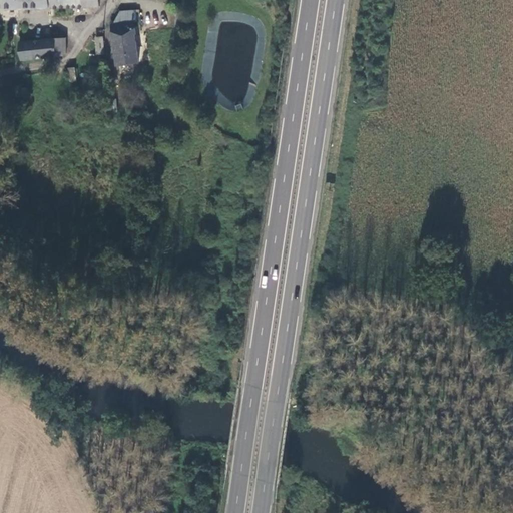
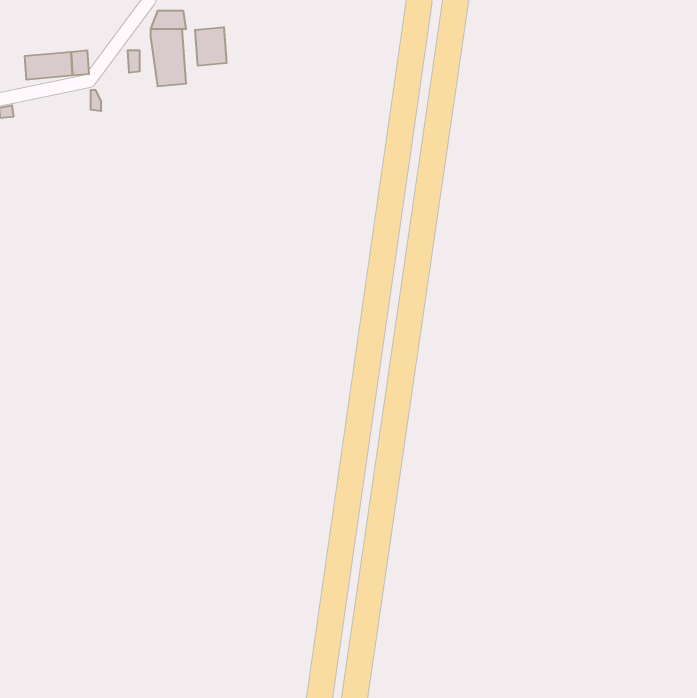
building: none -> [195,27,227,66]

